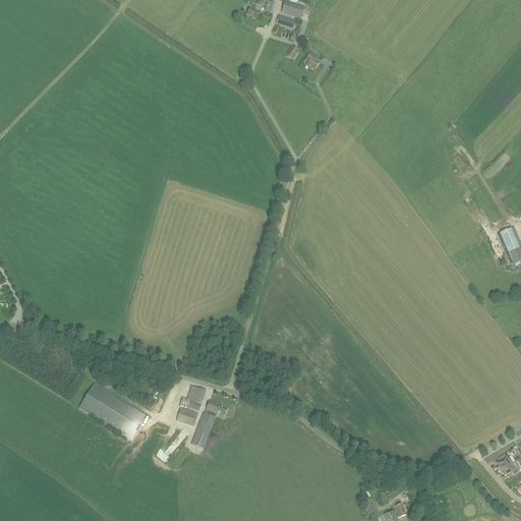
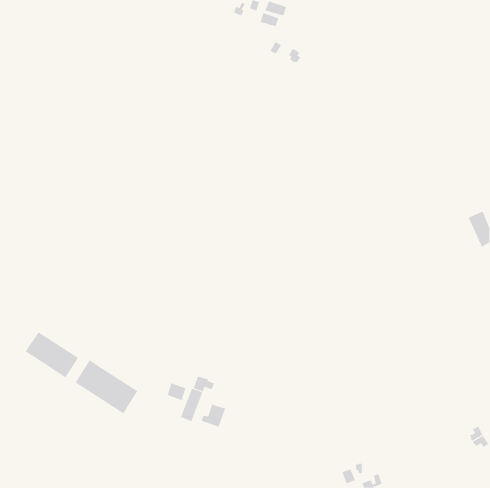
building: none -> [25,331,79,378]
building: [180,385,207,410] -> [201,404,226,428]

